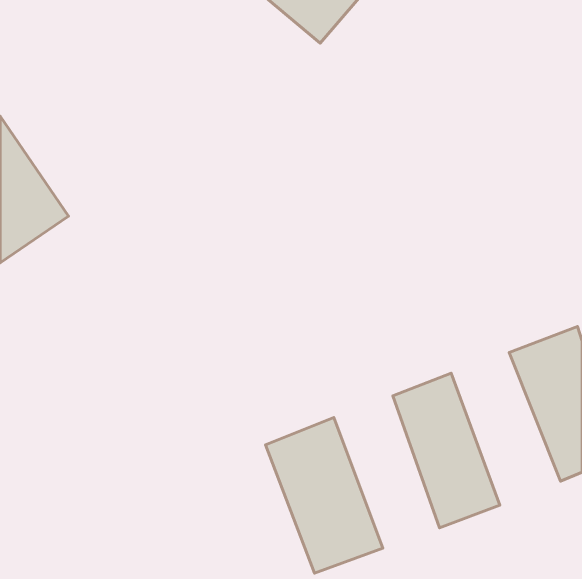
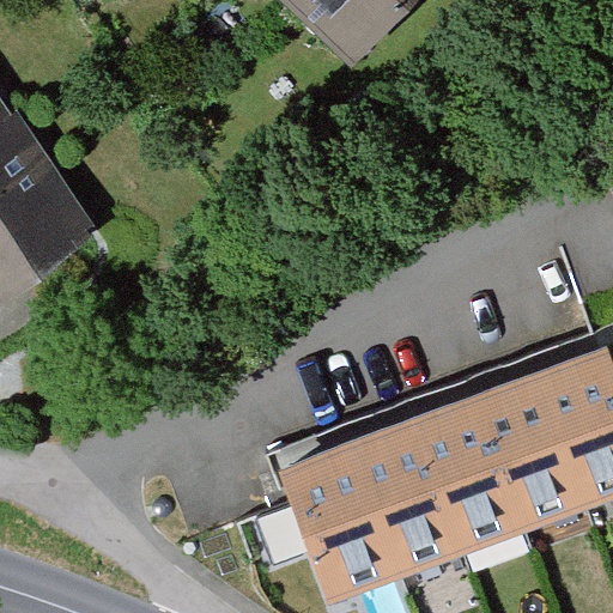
building: none -> [474,371,589,532]
building: none -> [351,417,462,577]

